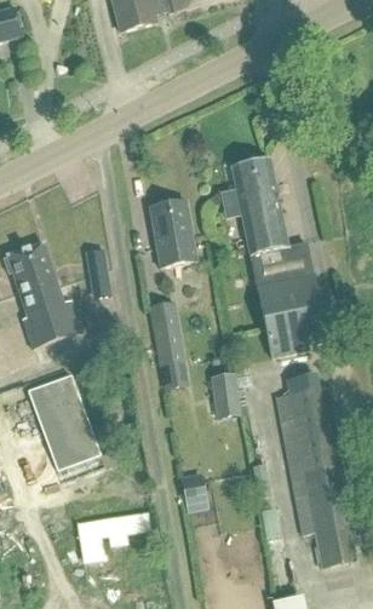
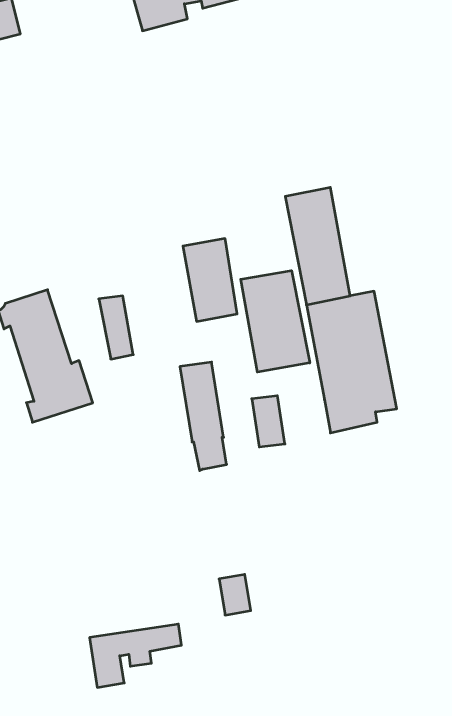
building: none -> [241,271,310,372]
building: [27,372,101,467] -> none
building: [212,373,239,414] -> [252,396,285,447]
building: [275,384,354,555] -> none

